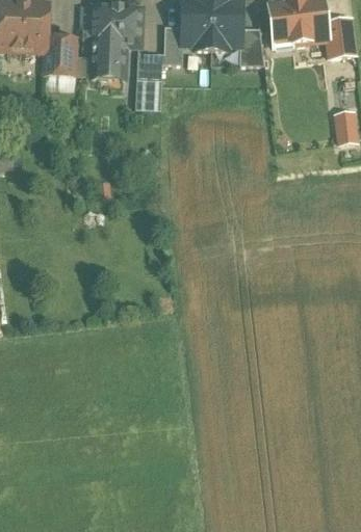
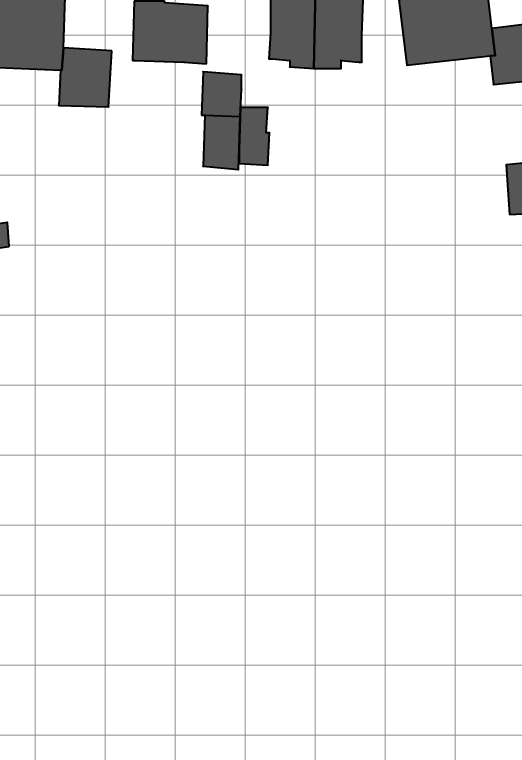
building: [162,25,182,62] -> [239,107,270,165]
building: [237,26,262,63] -> none
building: [91,43,125,77] -> none

